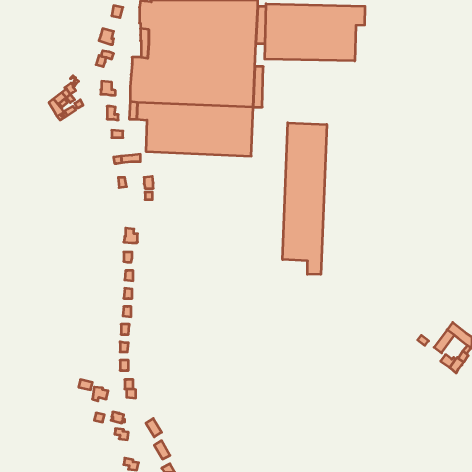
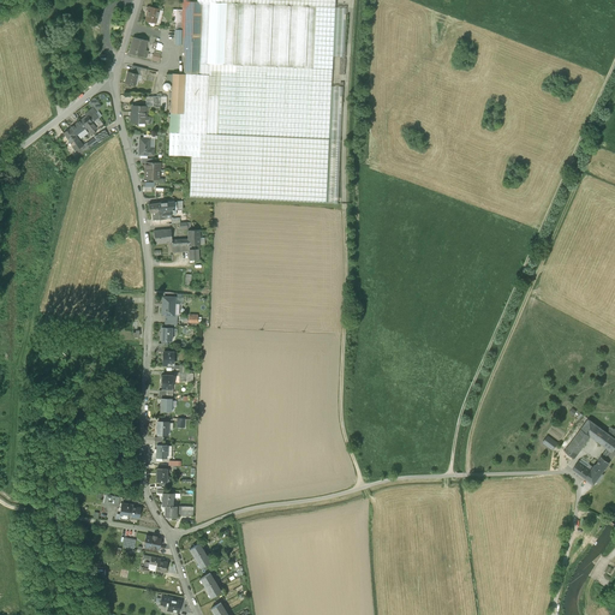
building: [265,4,365,61] -> none
building: [283,123,327,274] -> none

